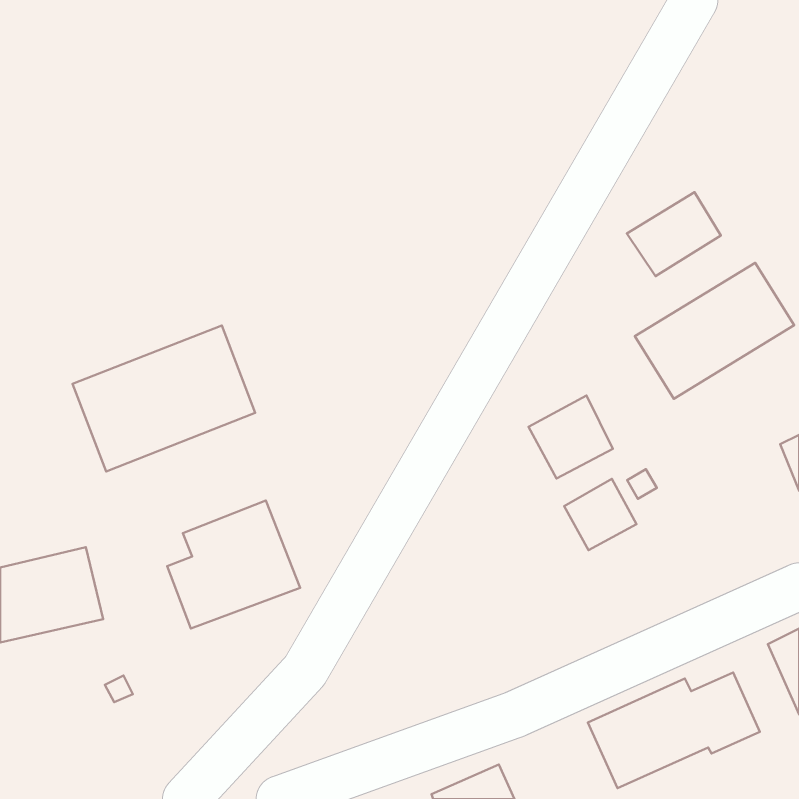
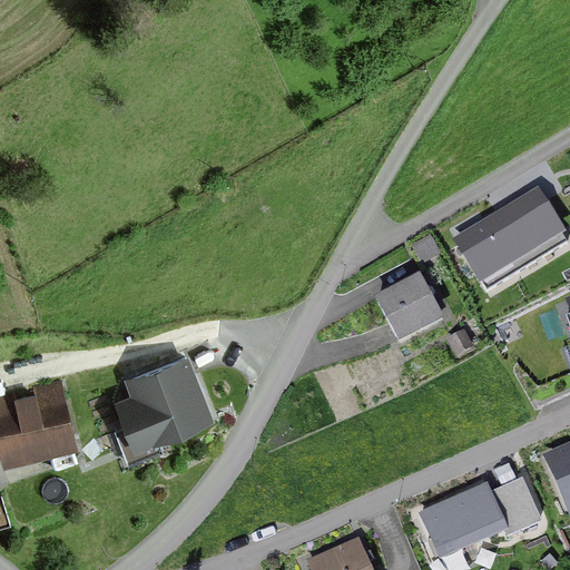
building: [627,192,721,276] -> none
building: [73,325,255,472] -> none
building: [564,479,637,550] -> none

